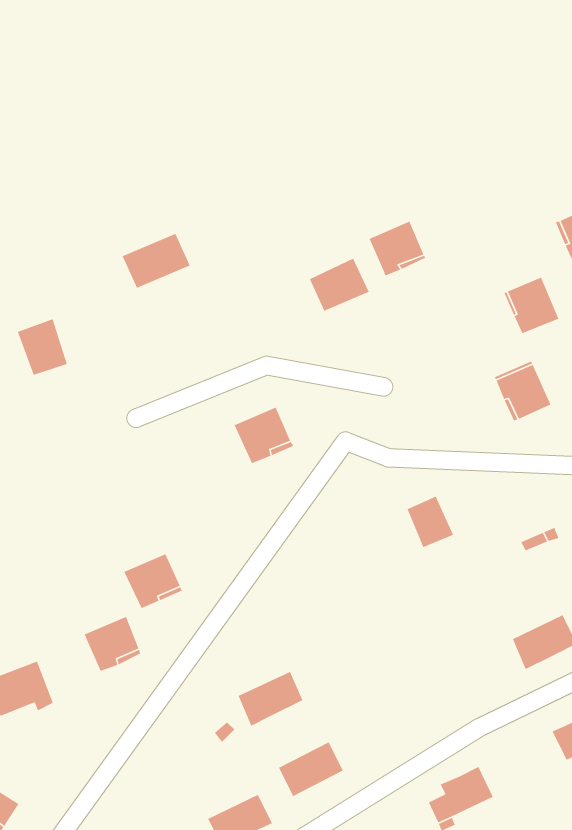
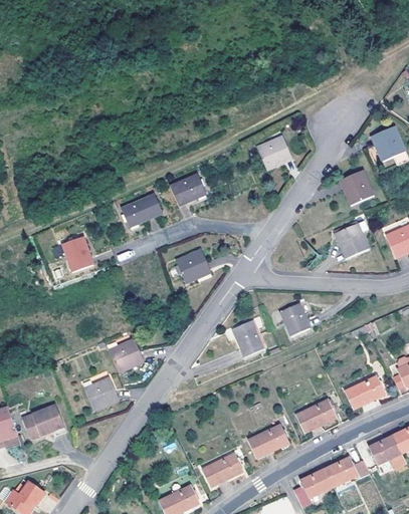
building: [122,233,191,289] -> [121,193,163,227]
building: [309,257,370,312] -> [170,173,207,206]
building: [17,318,68,376] -> [62,236,93,271]
building: none -> [232,320,265,356]
building: none -> [295,399,337,433]
building: [238,671,304,727] -> [248,425,288,459]
building: none -> [325,457,369,487]

